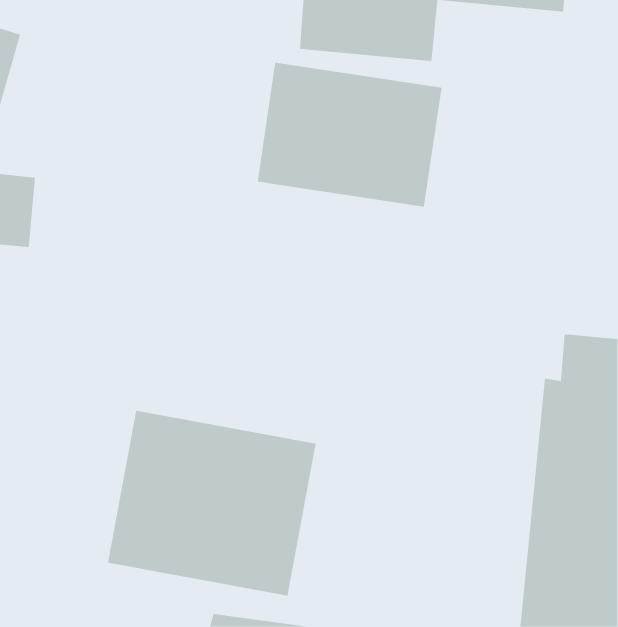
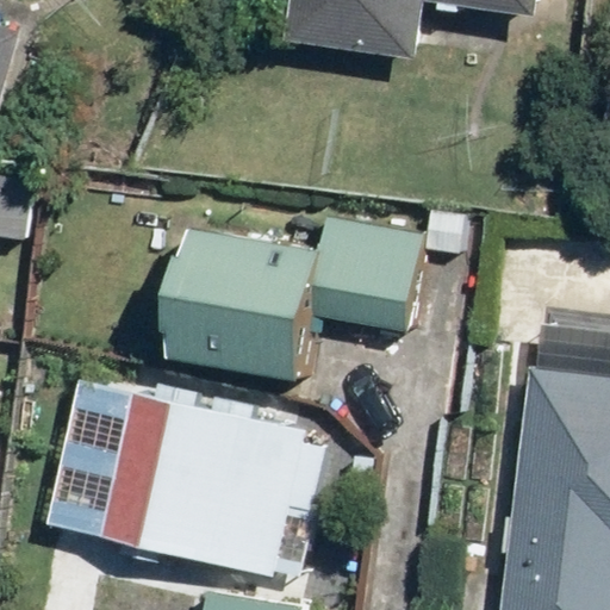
building: [257,62,442,207] -> none
building: none -> [162,220,418,374]

